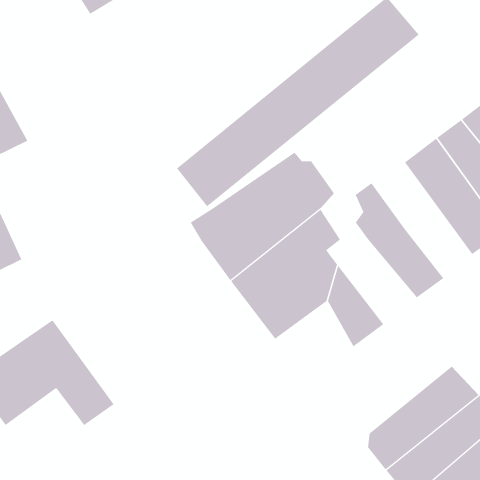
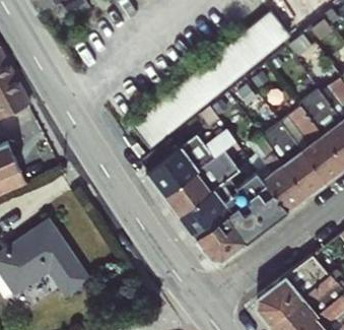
building: none -> [268,120,325,196]
building: none -> [236,171,288,226]
building: none -> [195,211,247,261]

